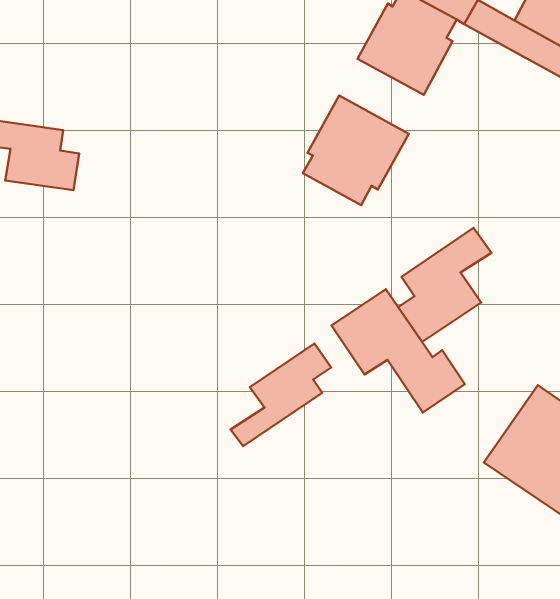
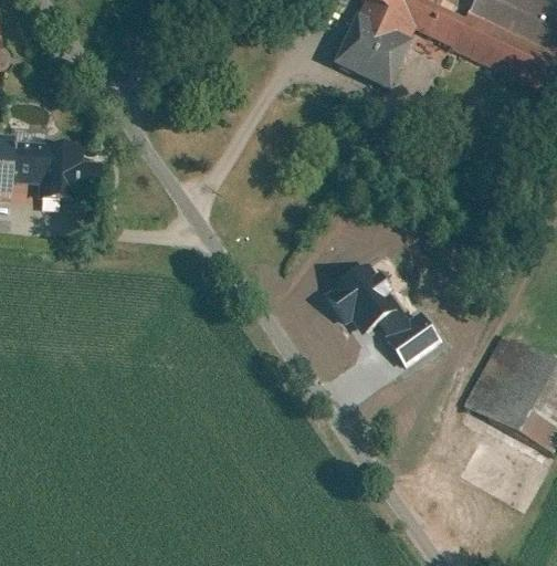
building: [303,96,409,205] -> none
building: [398,228,491,342] -> none
building: [231,344,331,446] -> none

